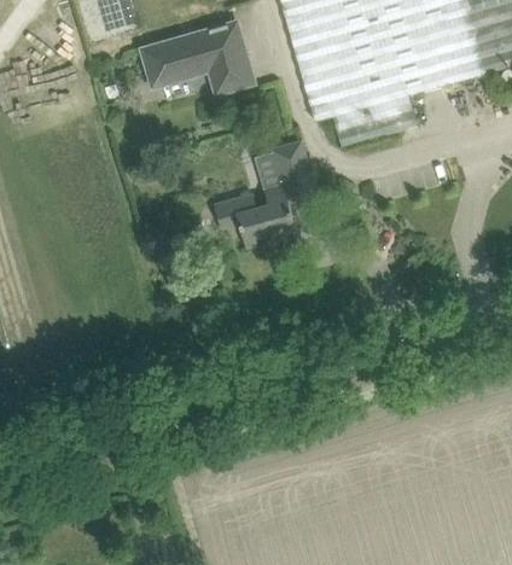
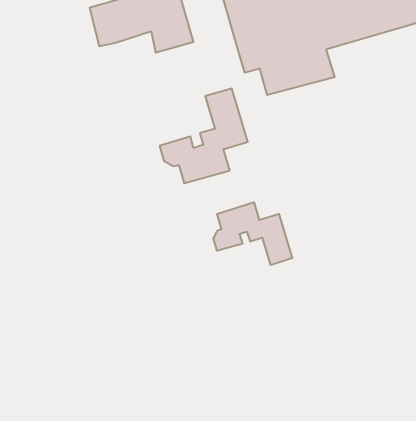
building: none -> [213,202,292,265]

